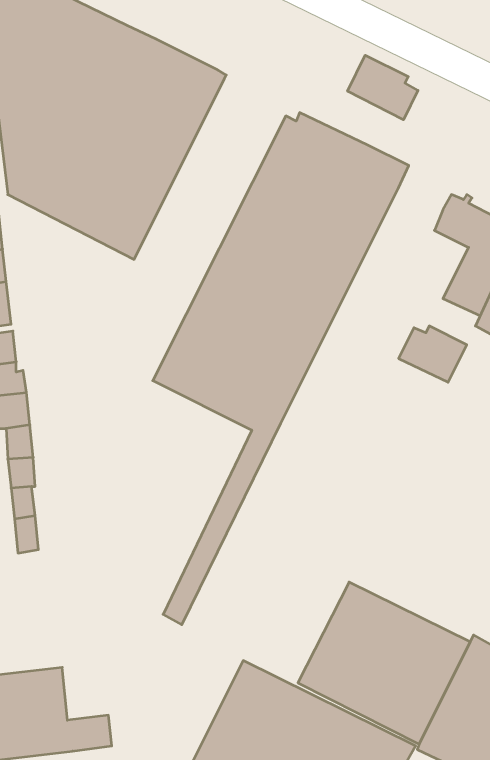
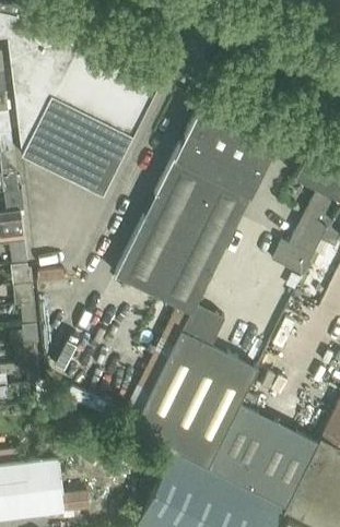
building: [348,55,418,120] -> none
building: none -> [132,303,258,469]

